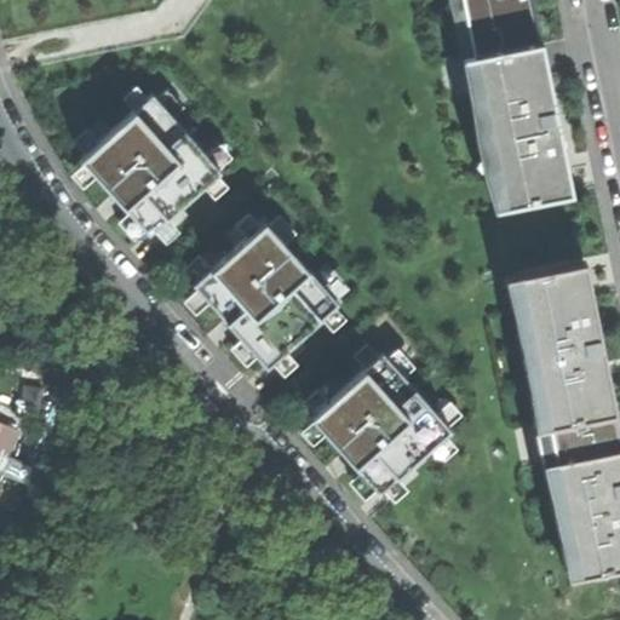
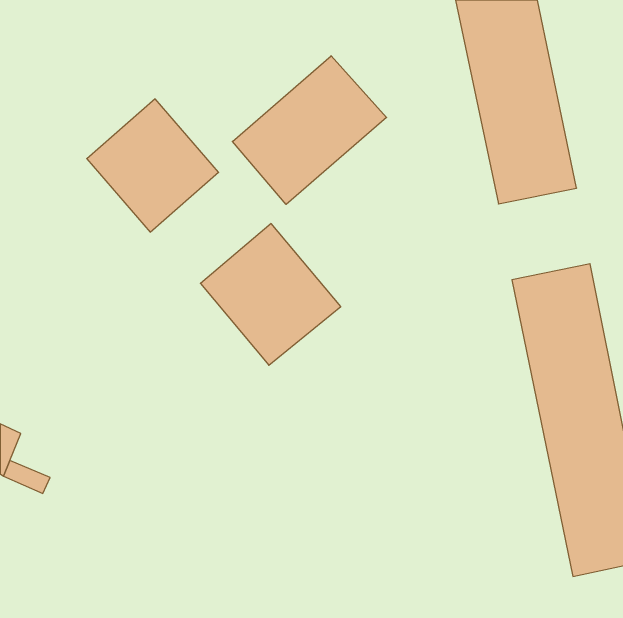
building: none -> [232,56,387,204]
building: [315,361,450,496] -> none

